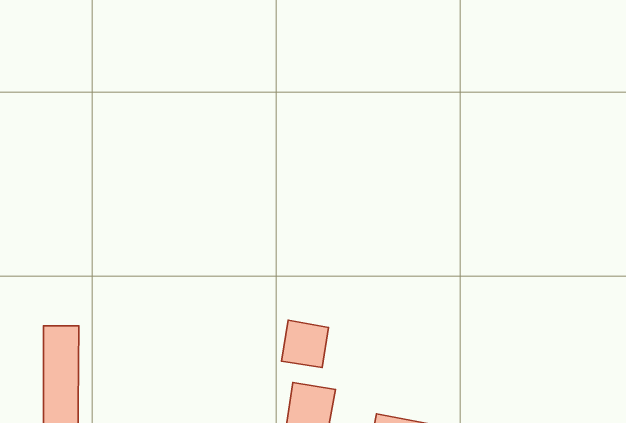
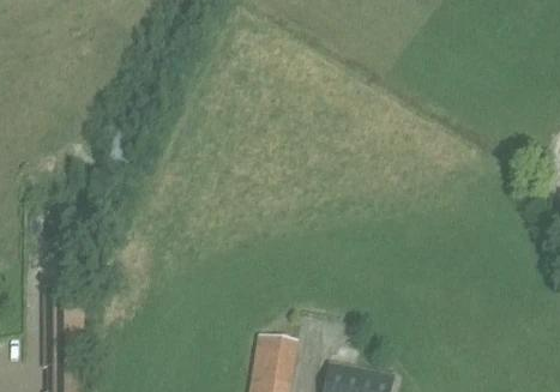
building: [281,320,329,367] -> none

